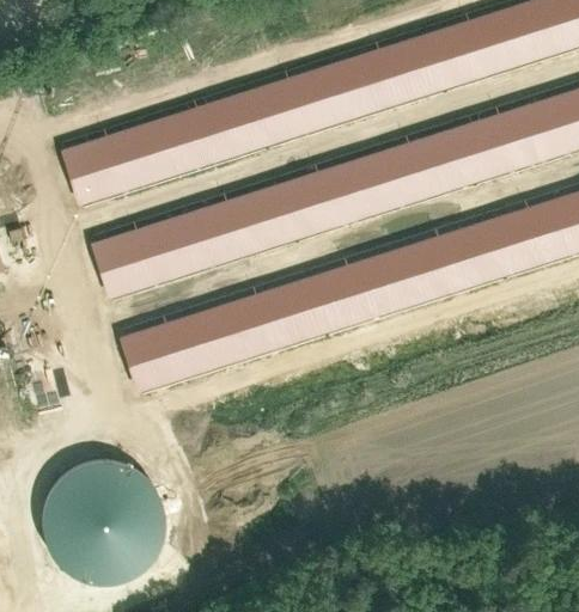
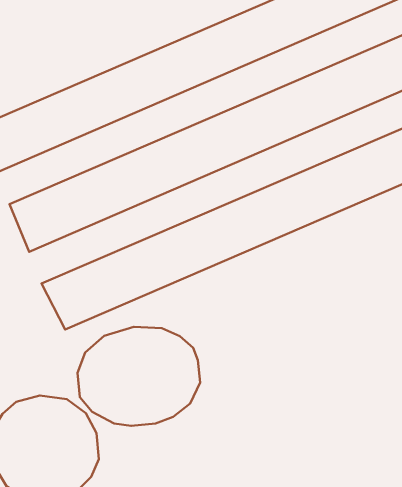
building: none -> [77,327,200,426]

